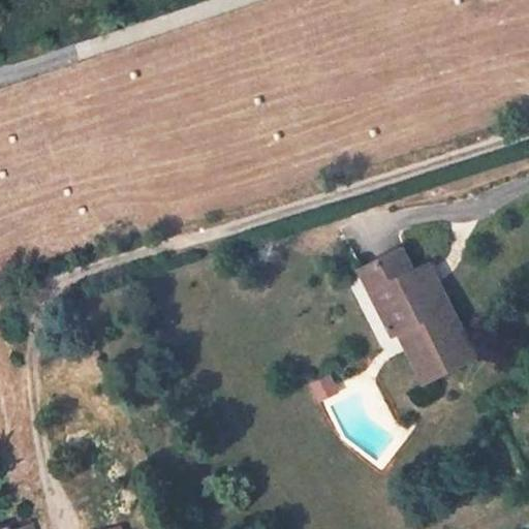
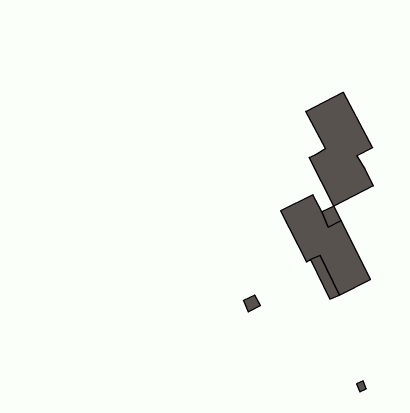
building: none -> [306,92,373,206]

